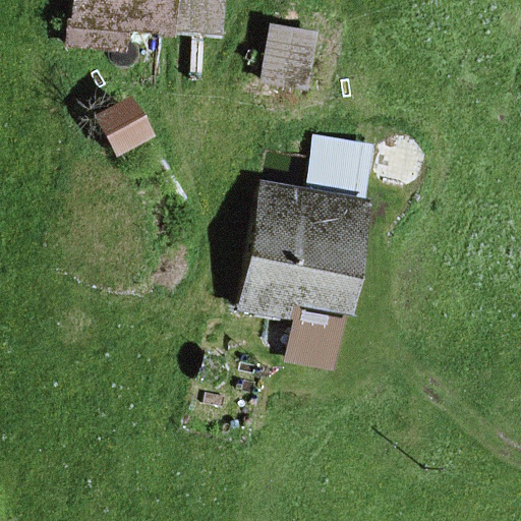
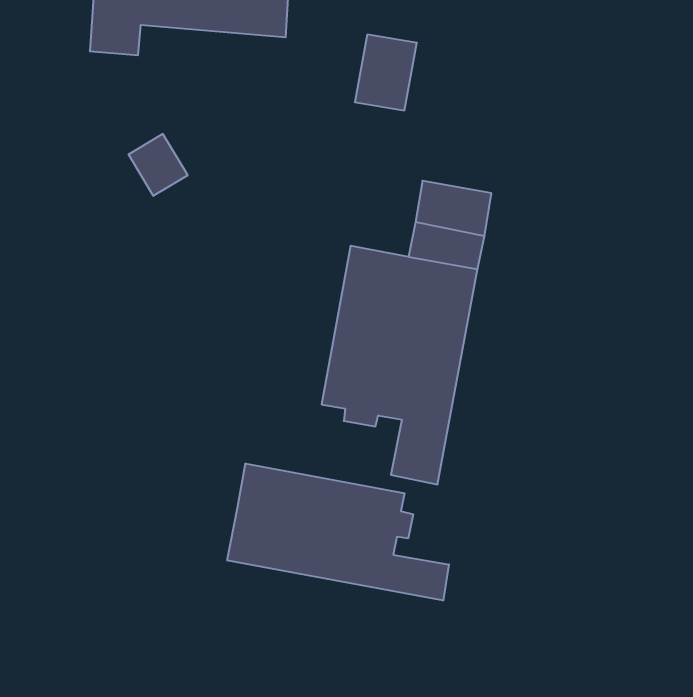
building: none -> [227,463,449,601]

